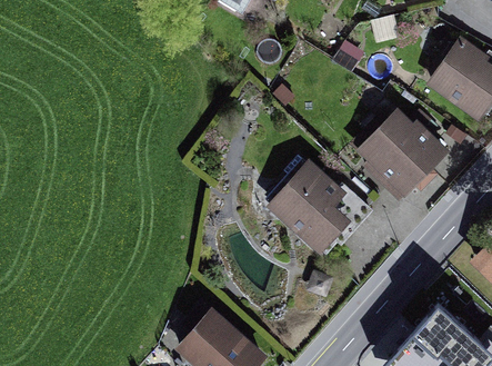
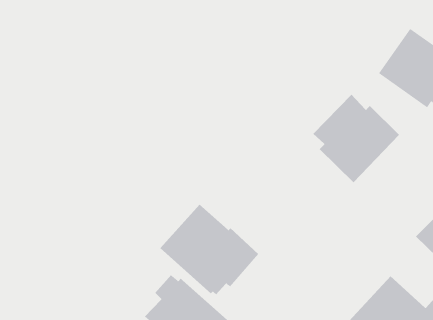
building: [264,157,372,256] -> [160,204,259,295]

